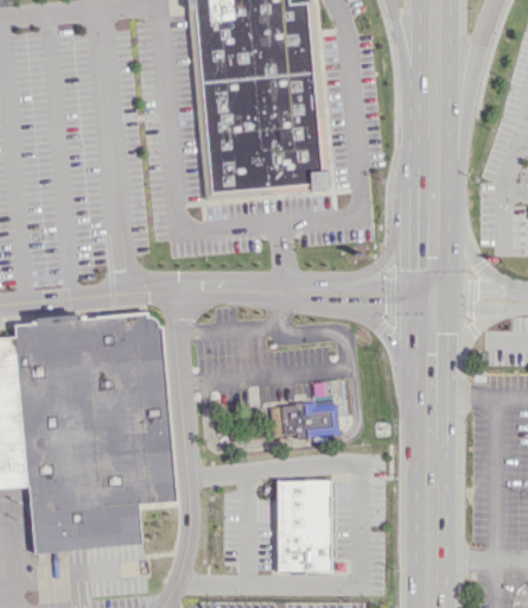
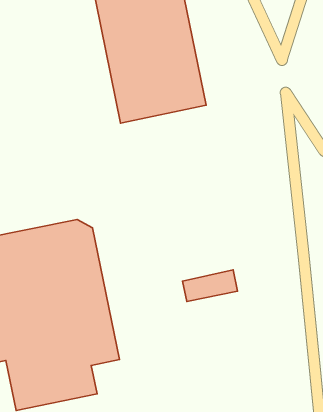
building: [278,481,330,570] -> none

